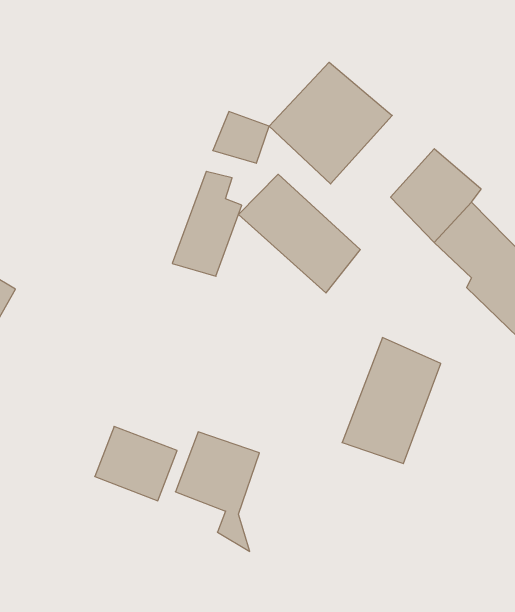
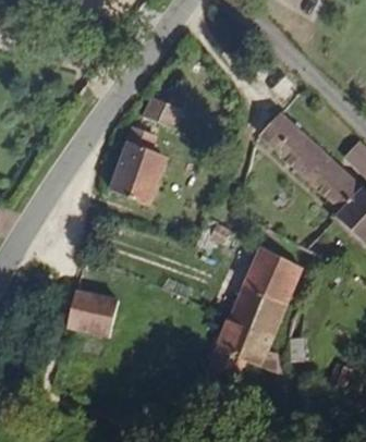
building: [269,62,392,184] -> none
building: [239,174,360,293] -> none
building: [175,432,259,551] -> [219,309,276,390]

